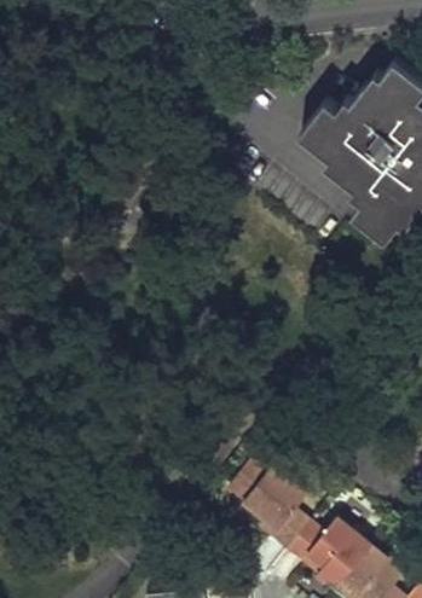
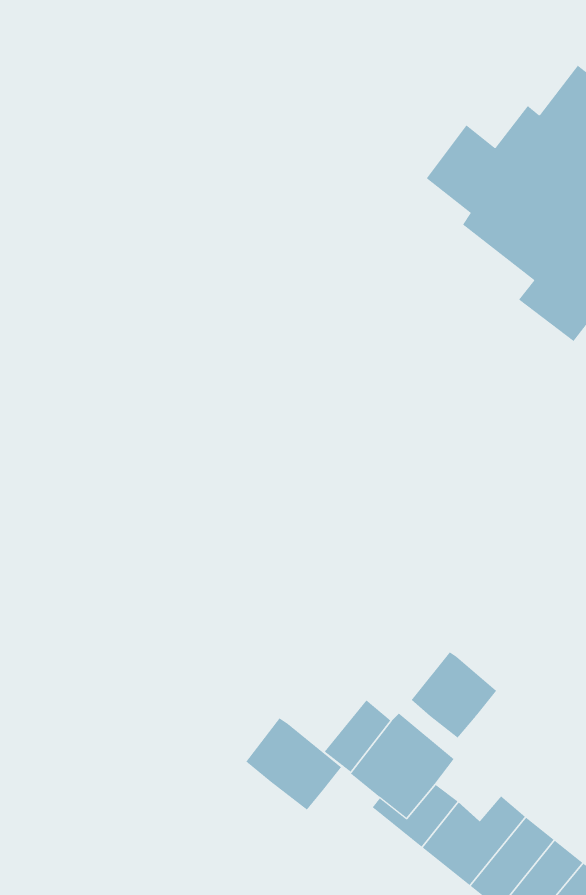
building: none -> [411,652,498,739]
building: none -> [245,717,343,811]

